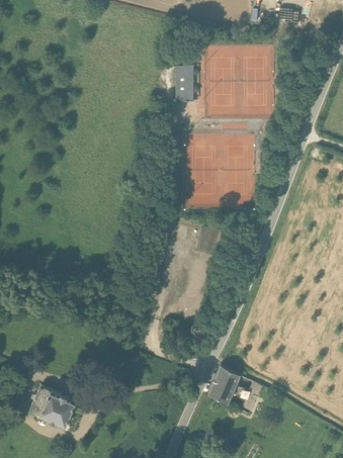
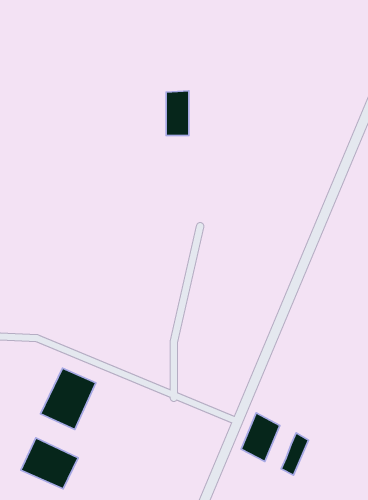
building: [175,65,193,101] -> [166,91,189,136]
building: none -> [41,368,96,429]

